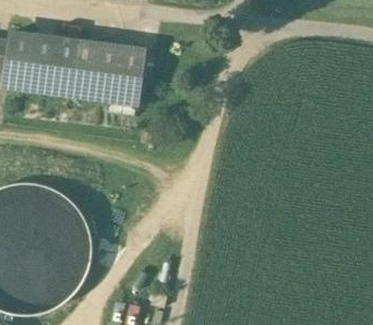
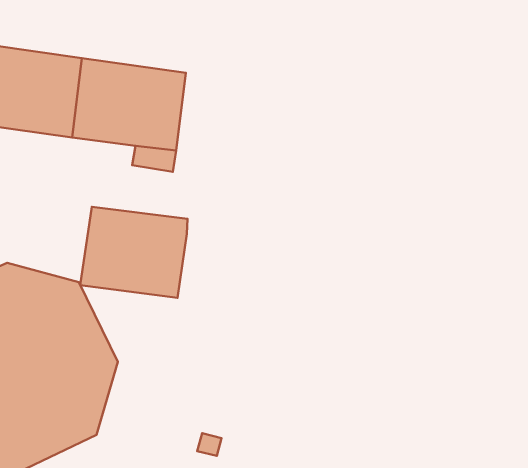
building: none -> [80,207,188,298]

